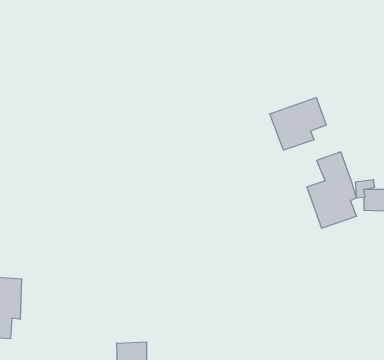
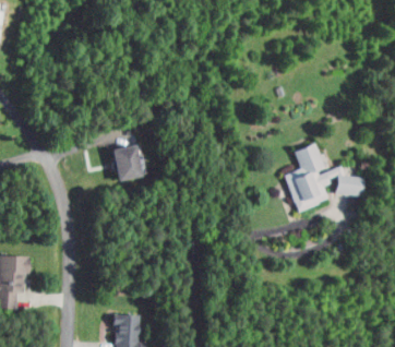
building: [270,98,326,150] -> none
building: none -> [108,144,139,181]

